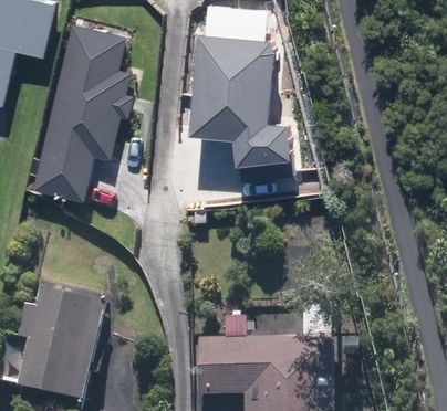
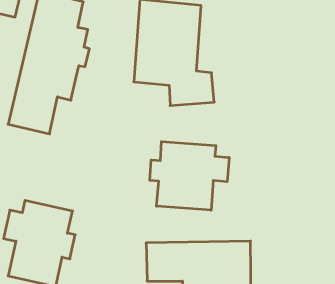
building: none -> [150,142,229,210]

